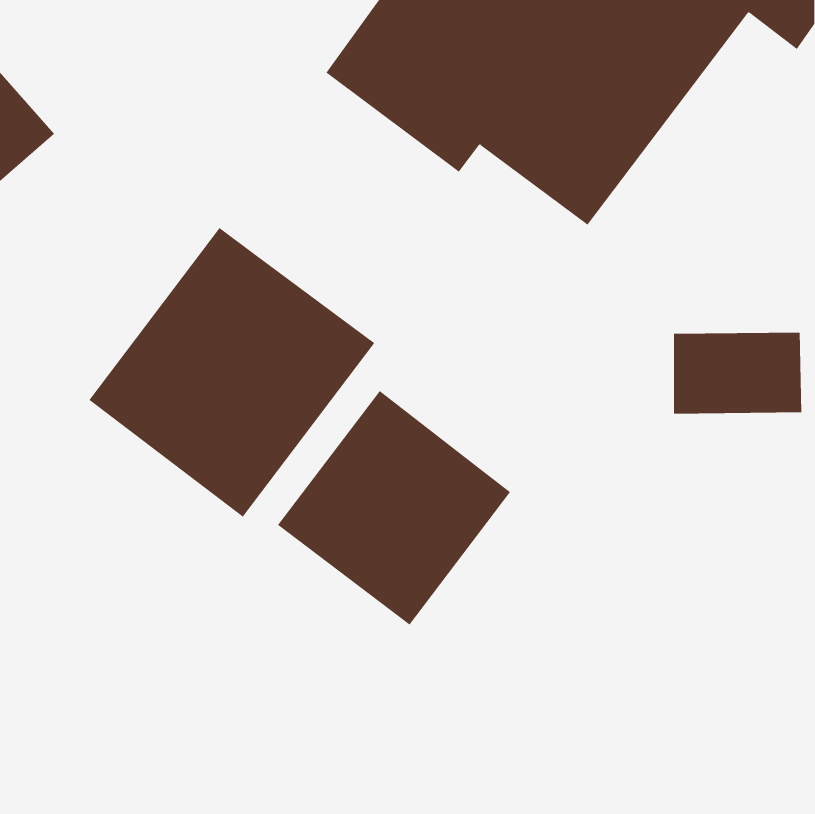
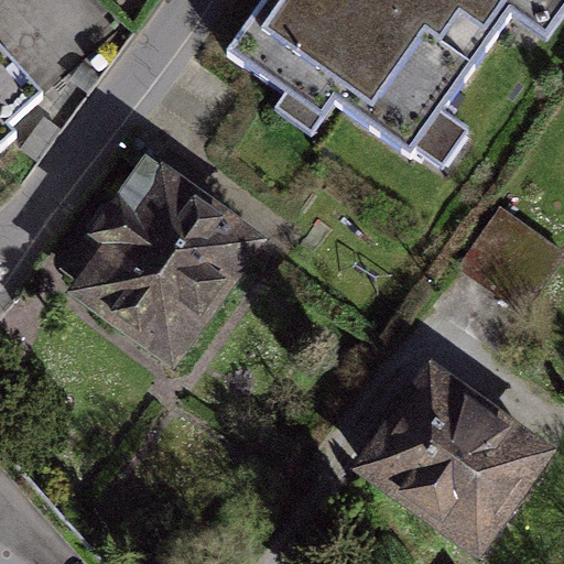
building: [277,390,511,625] -> none
building: none -> [361,365,549,544]

